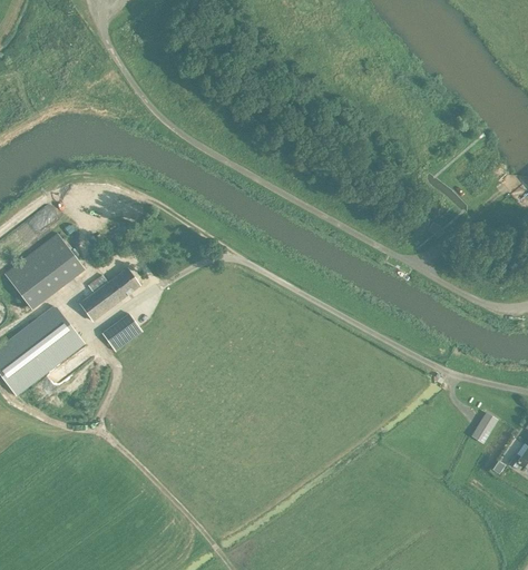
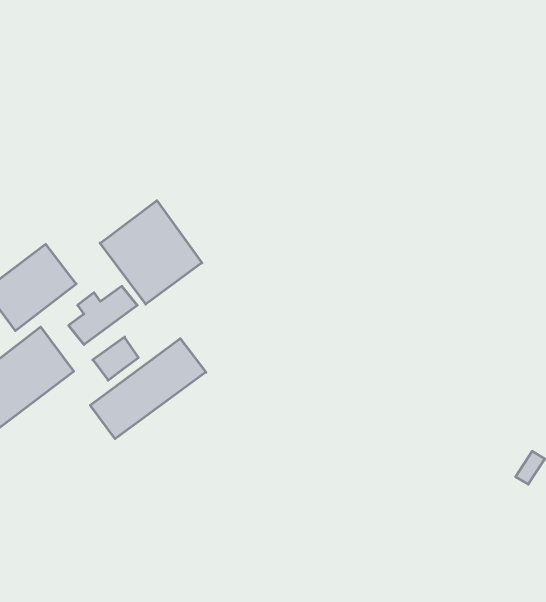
building: none -> [100,201,202,304]
building: none -> [90,339,206,439]

